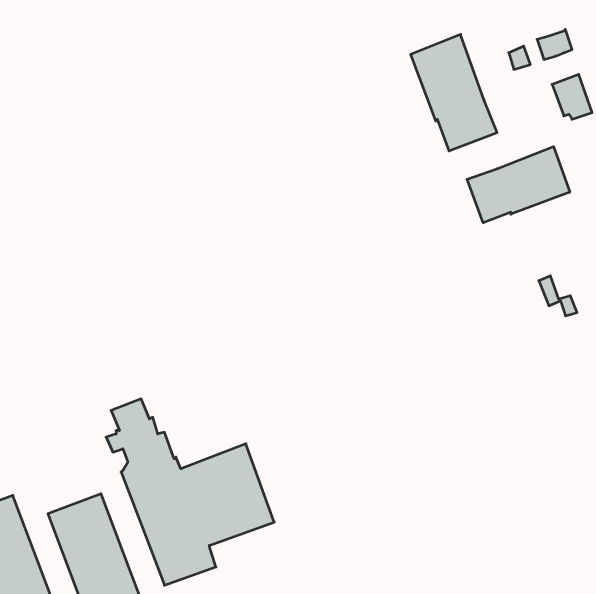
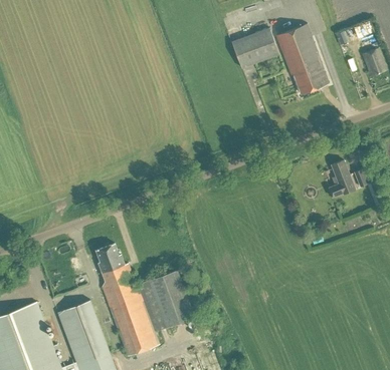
building: none -> [231,28,279,68]
building: [467,147,570,223] -> none
building: none -> [328,160,354,198]

